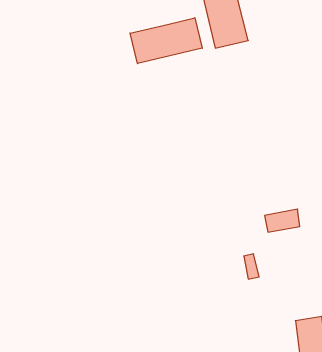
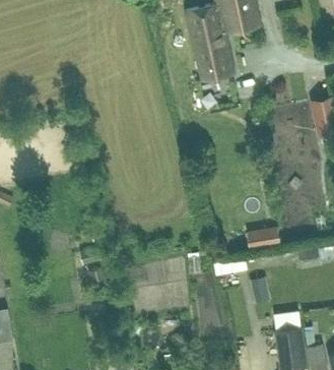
building: [130,18,202,64] -> none

